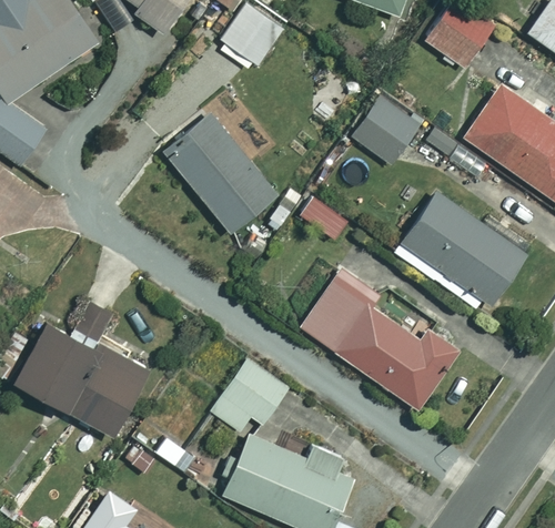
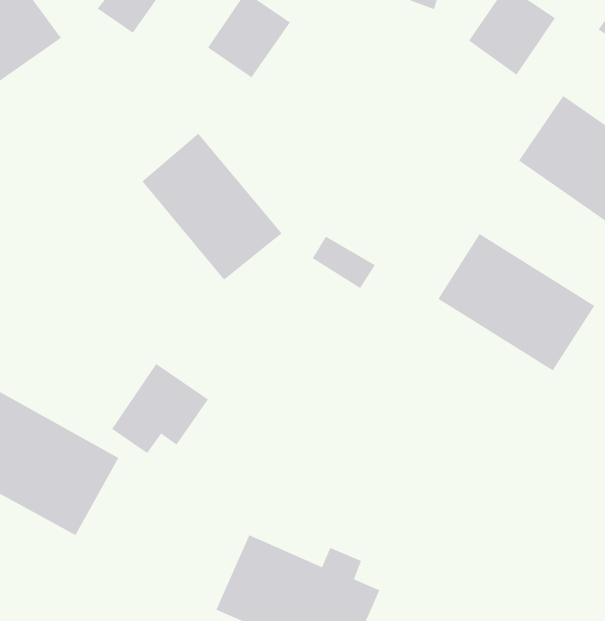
building: [350,95,420,164] -> none
building: [301,270,458,408] -> none
building: [211,358,289,430] -> [111,363,209,454]

